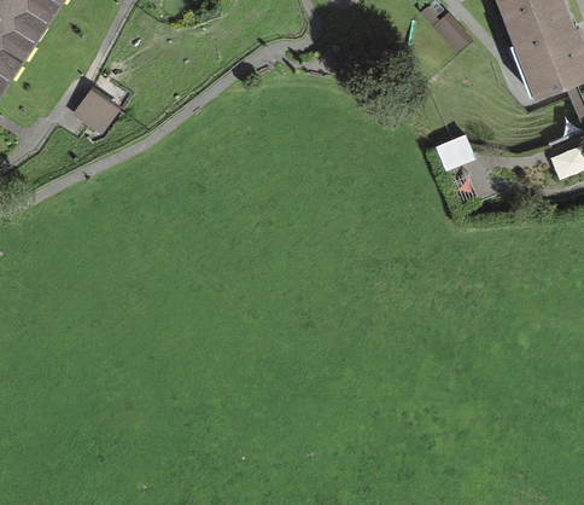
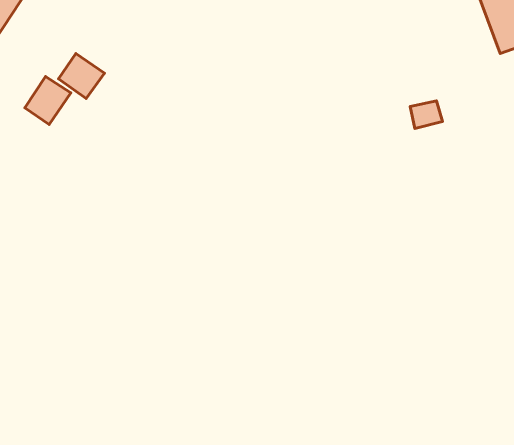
building: none -> [25,77,71,125]

